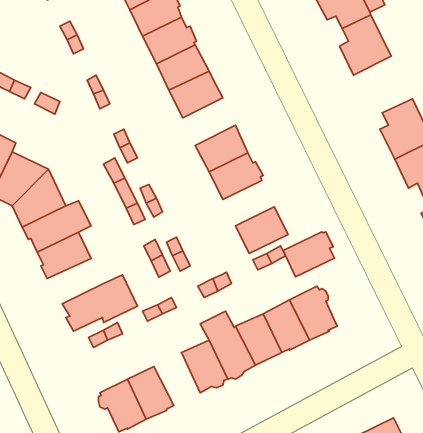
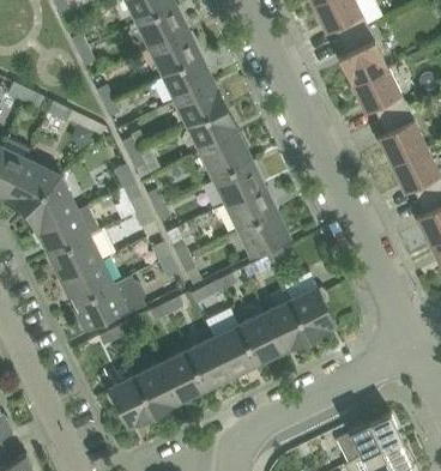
building: none -> [351,67,407,121]
building: none -> [188,107,238,152]
building: [283,232,334,277] -> [226,186,276,229]
building: none -> [59,260,113,303]
building: none -> [161,350,205,400]

